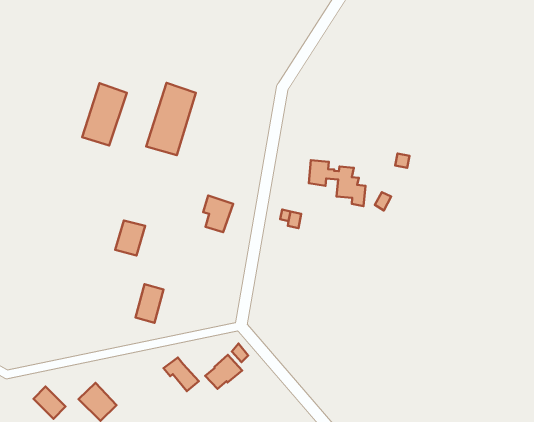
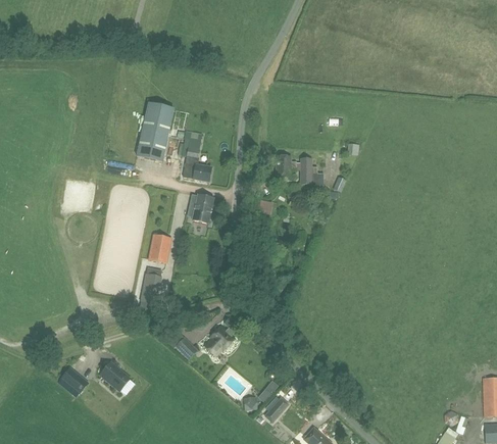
building: [82,83,127,145] -> none
building: none -> [182,138,211,181]
building: [115,220,145,255] -> [148,234,171,262]

